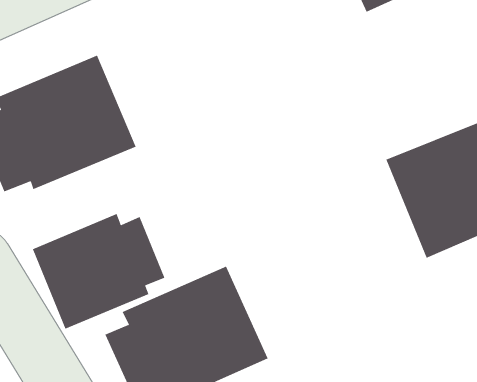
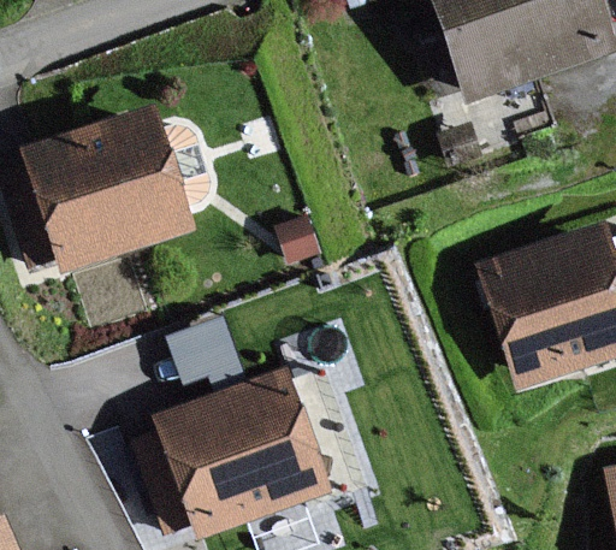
building: [32,213,165,329] -> none

